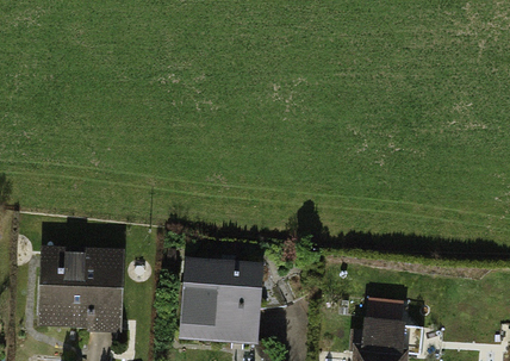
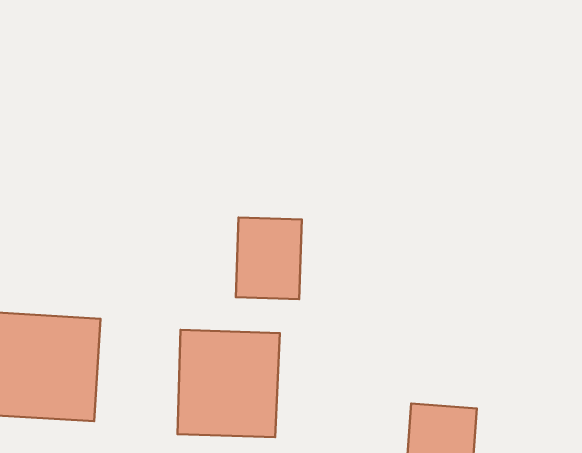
building: none -> [236,217,302,299]

